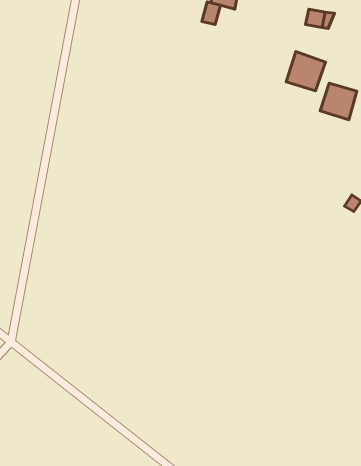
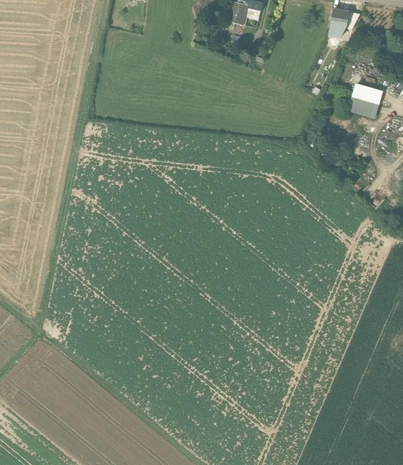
building: [286,52,325,91] -> none

